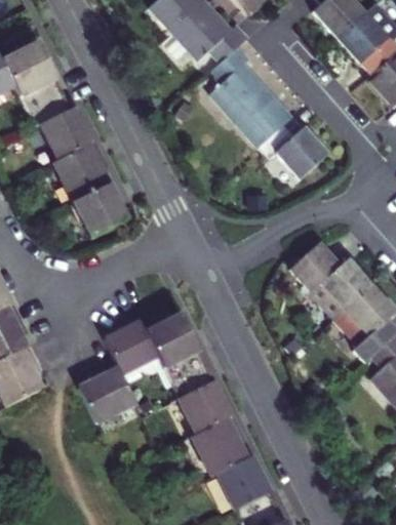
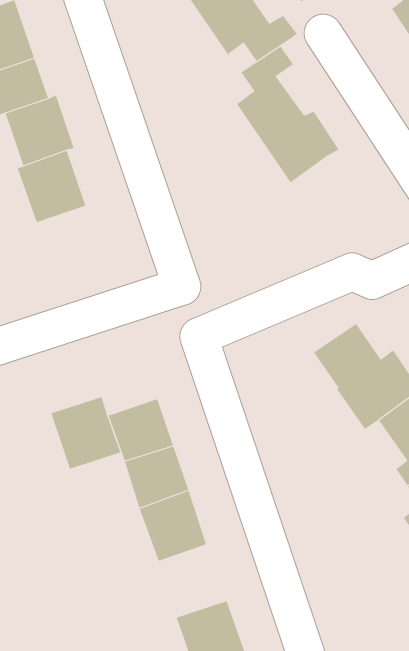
building: [255,122,325,178] -> none
building: [74,183,127,237] -> none
building: [79,362,134,418] -> none
building: [191,417,247,477] -> none

